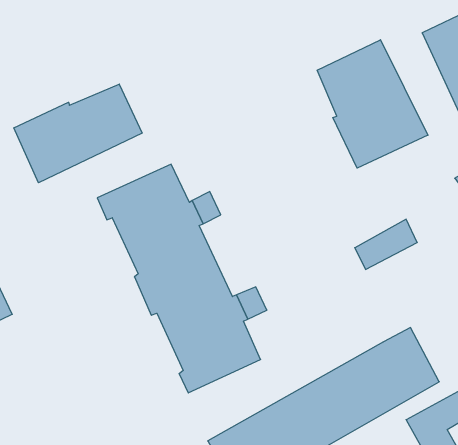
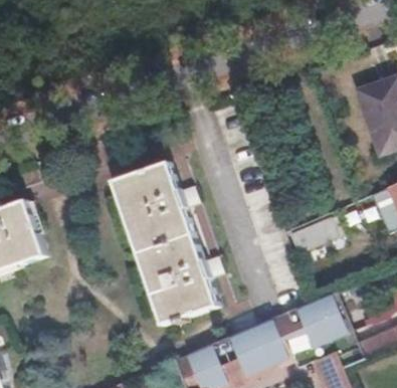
building: [317,40,428,168] -> none
building: [14,84,142,183] -> none

